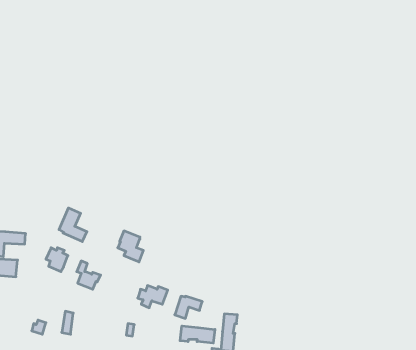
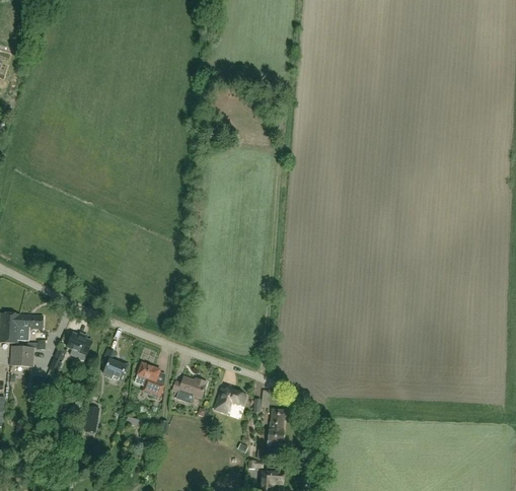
building: [59,208,87,242] -> none
building: [118,231,143,262] -> [135,362,164,398]
building: [180,326,215,343] -> none

